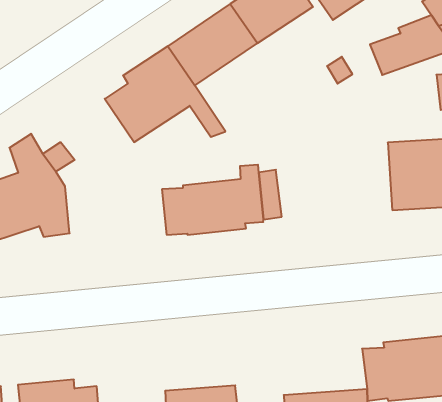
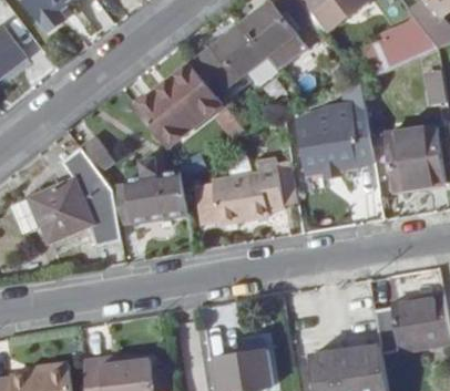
building: none -> [298,101,369,157]
building: none -> [123,171,186,223]

